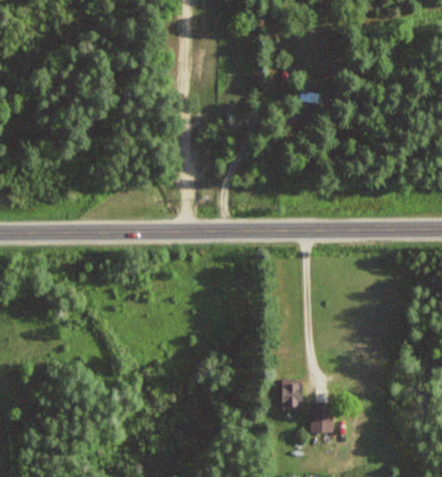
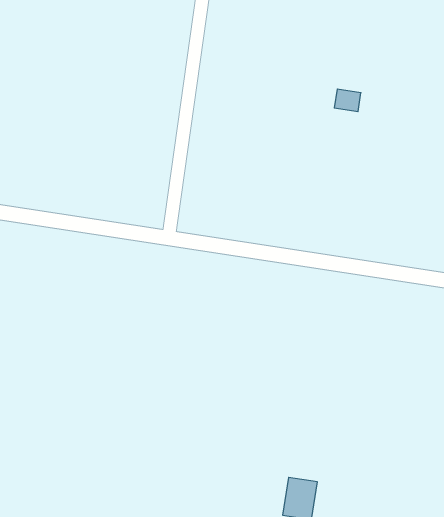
building: [282,381,302,411] -> none

